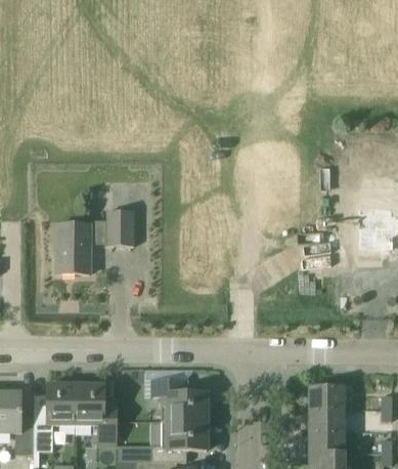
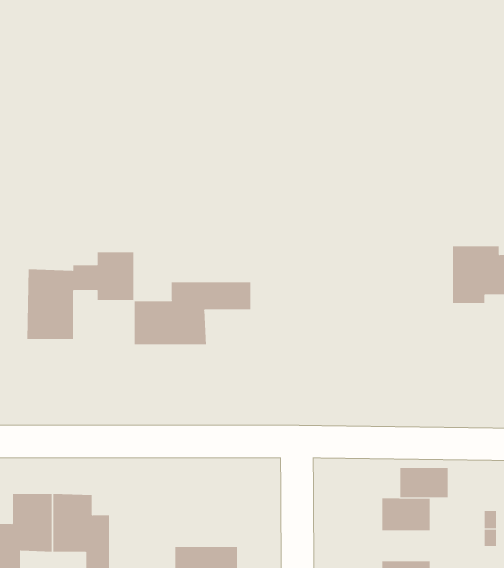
building: none -> [134,282,251,345]
building: [151,380,207,421] -> none
building: [309,410,344,431] -> [400,467,448,498]

